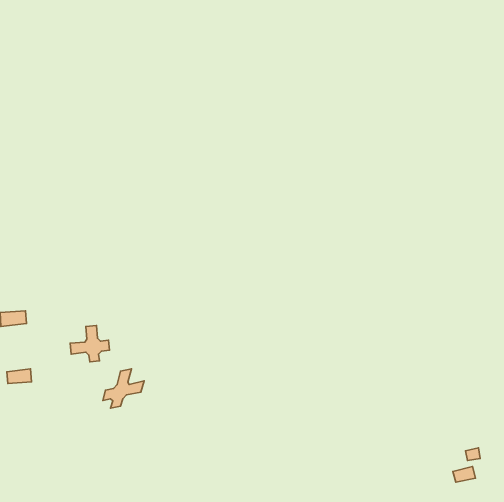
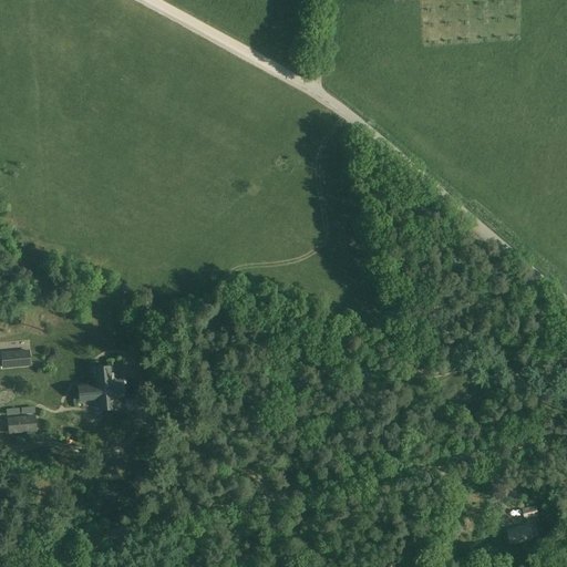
building: [103,369,144,408] -> none

